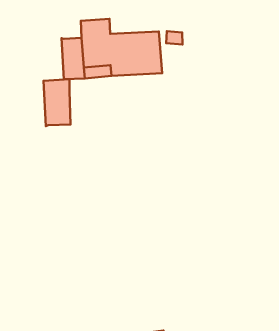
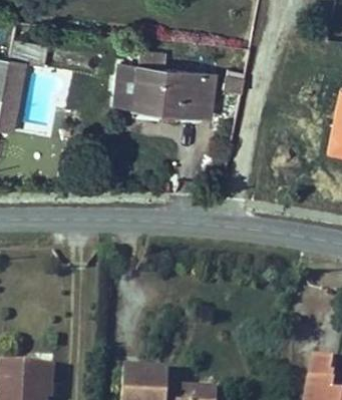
building: [43,79,70,126] -> none

